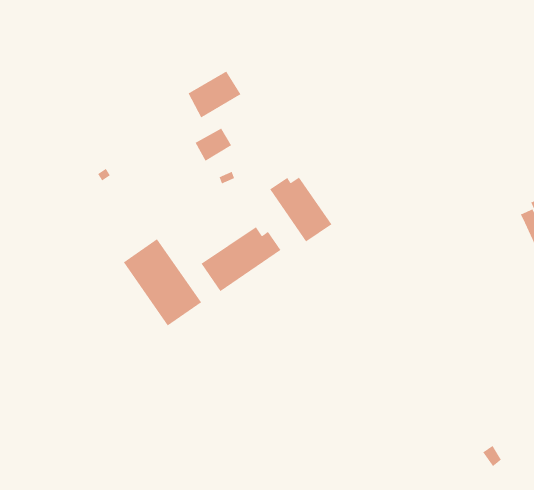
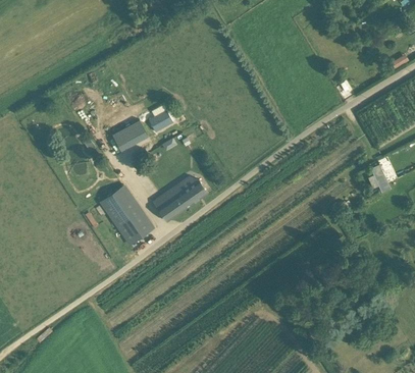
building: [188,71,241,119] -> [114,118,151,151]
building: [269,177,332,243] -> none

